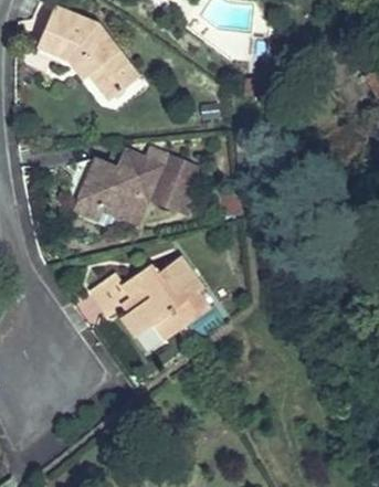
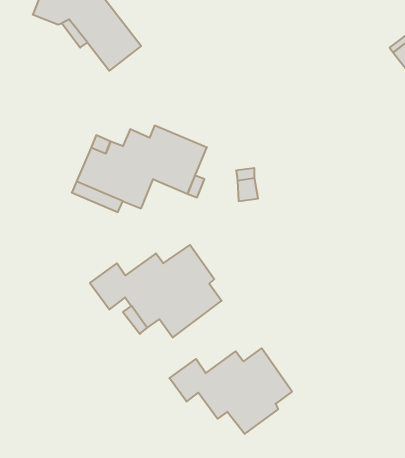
building: none -> [169,348,292,434]

